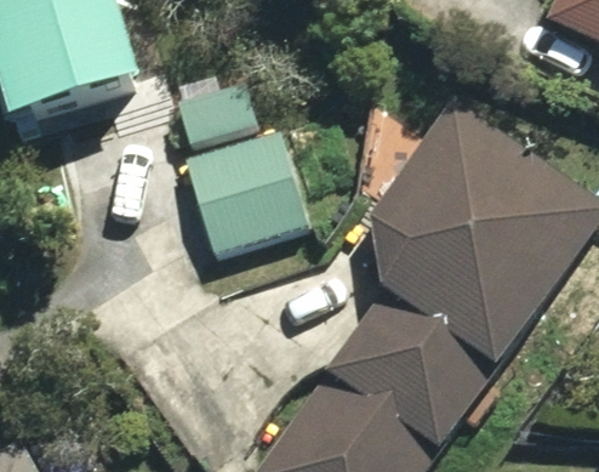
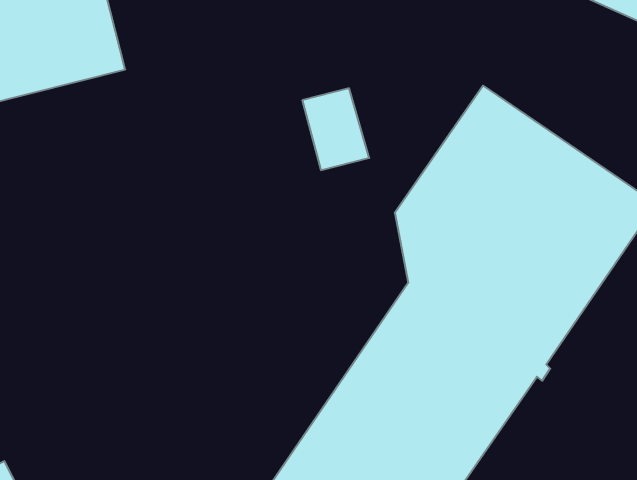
building: [188,130,313,252] -> none

